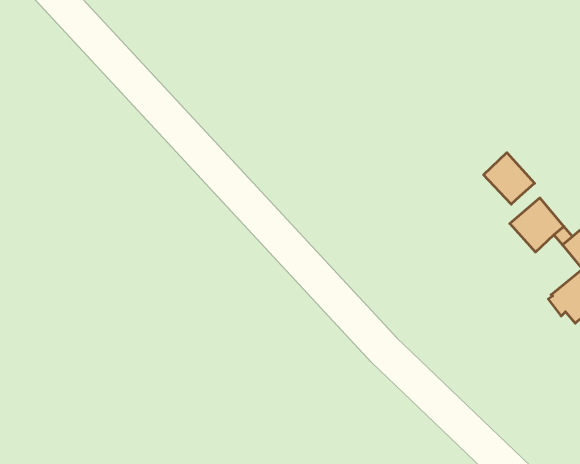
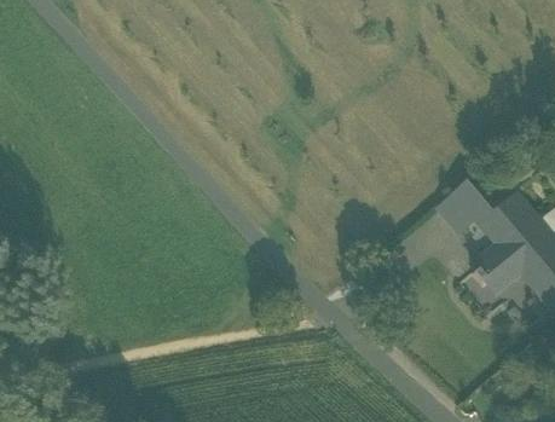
building: [484,153,535,204] -> none

